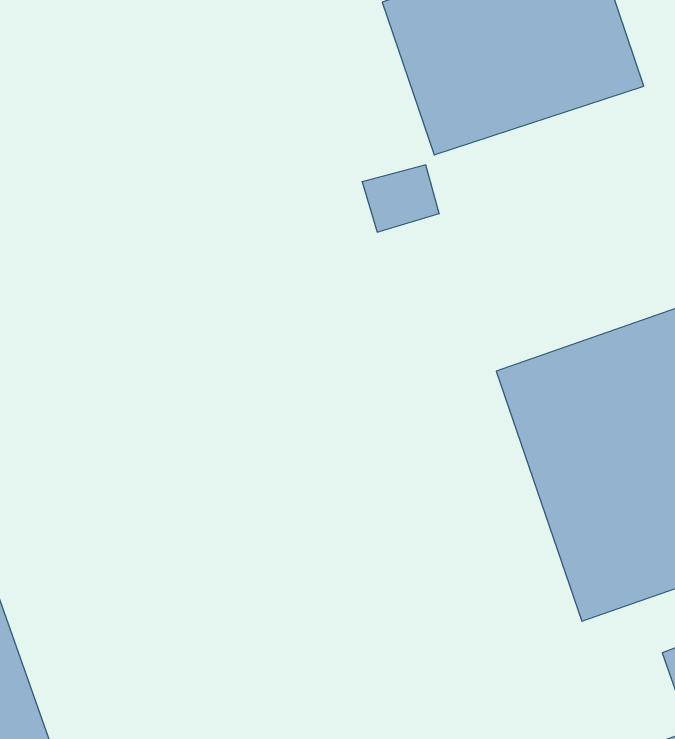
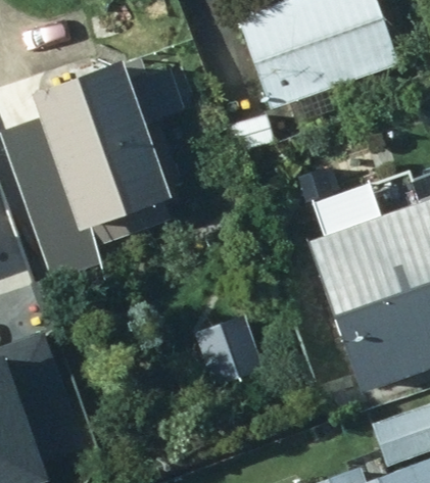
building: none -> [34,58,173,229]

